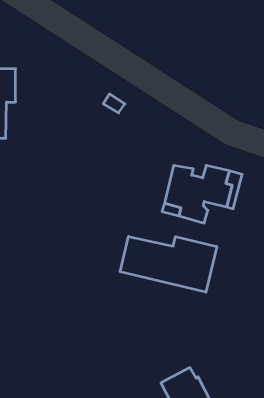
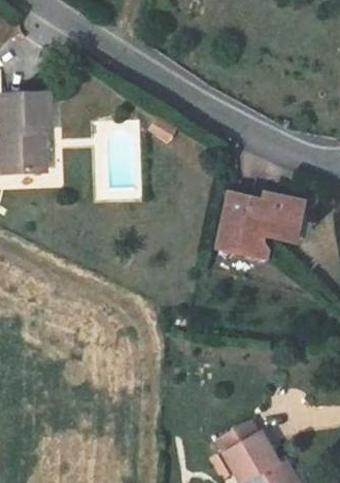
building: [120,236,217,292] -> none

